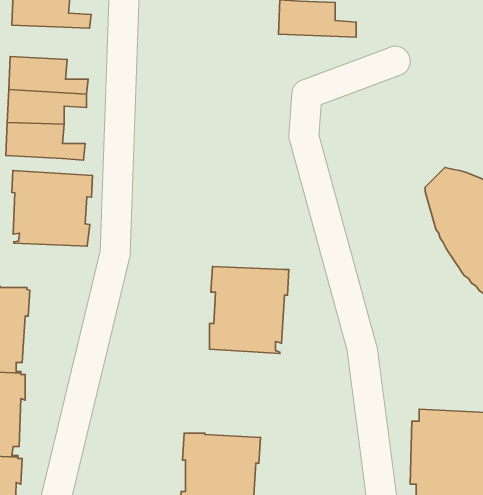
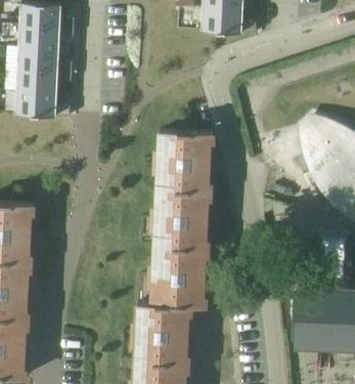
building: none -> [20,26,75,49]
building: [12,170,92,246] -> none
building: none -> [159,132,214,193]
building: none -> [153,247,208,309]

